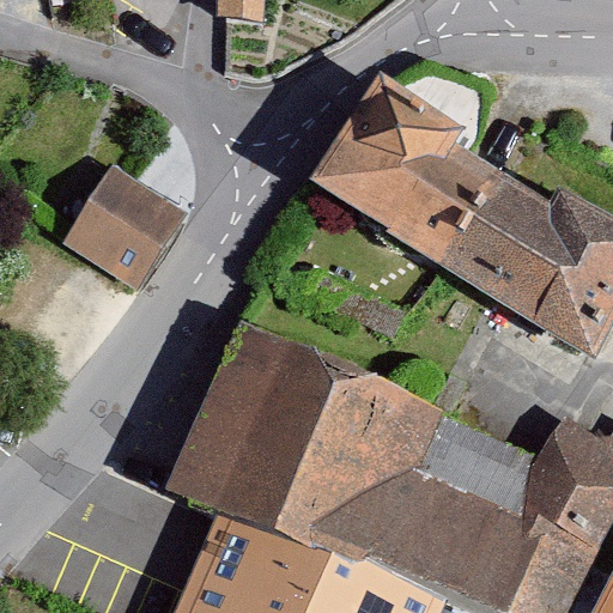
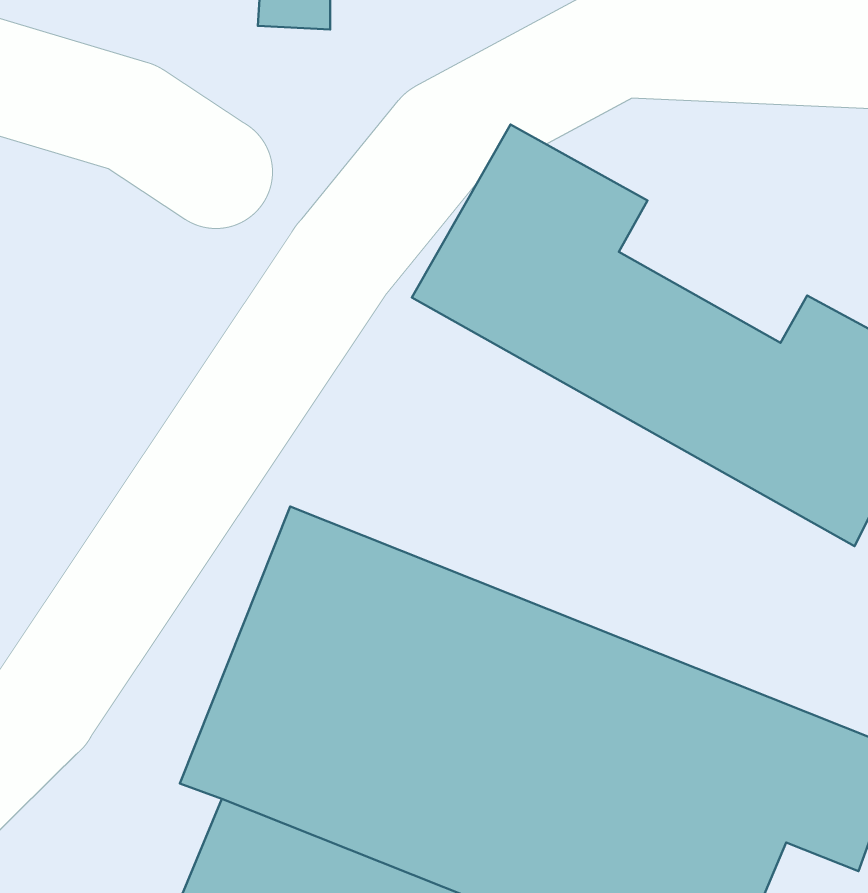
building: [65,169,187,291] -> none

